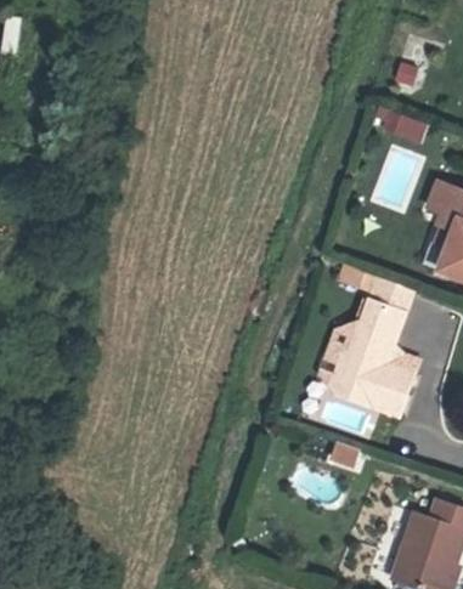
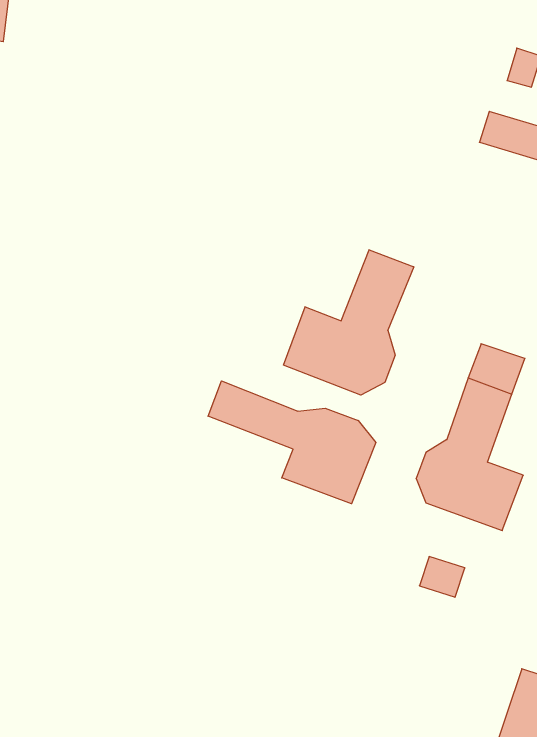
building: none -> [284,250,414,395]
building: none -> [208,381,376,504]

